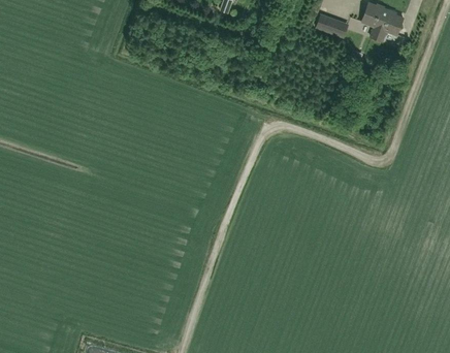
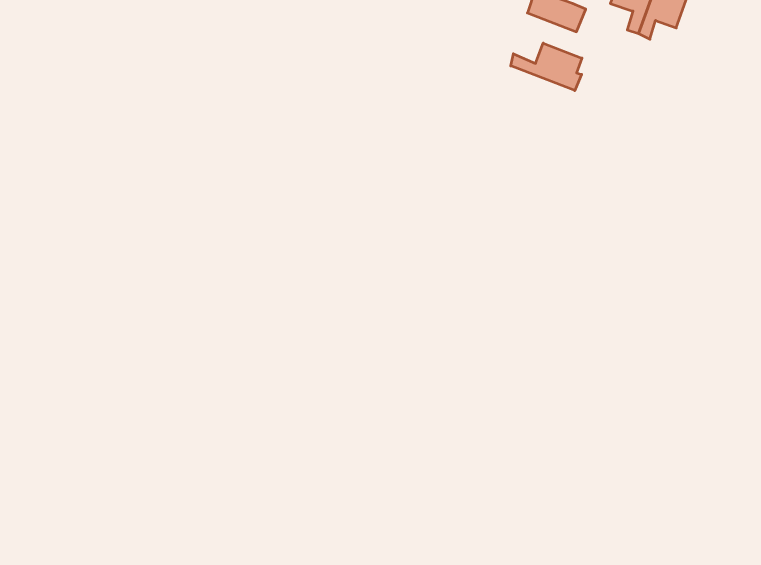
building: none -> [511,43,582,91]

